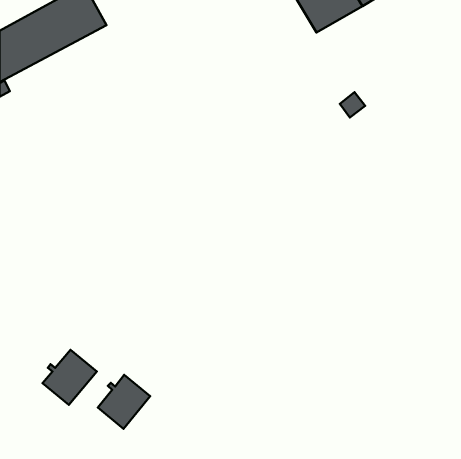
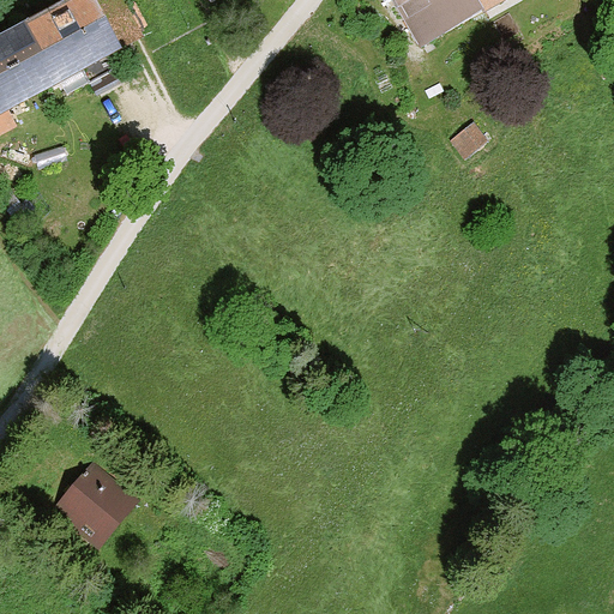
building: [98,375,150,429] -> none

